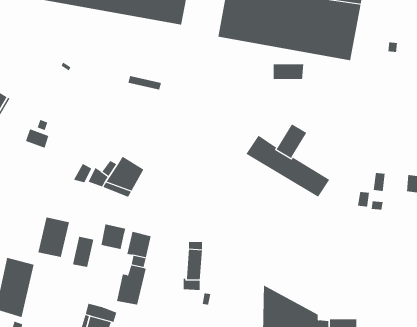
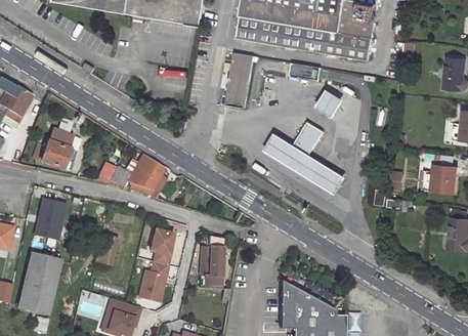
building: none -> [227,53,256,109]
building: none -> [320,91,346,118]
building: none -> [33,141,70,168]
building: [38,217,70,258] -> [34,199,66,239]
building: [101,223,126,250] -> none

